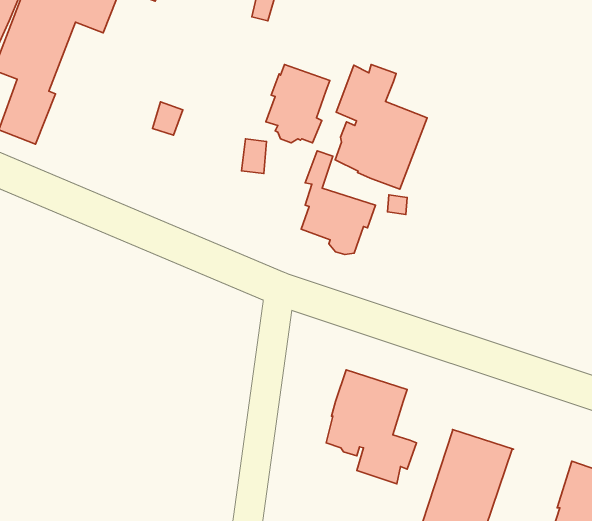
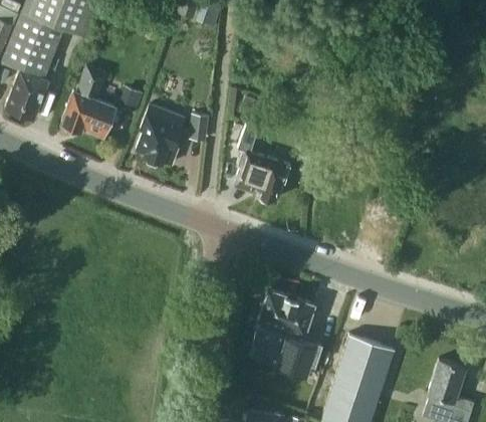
building: [266,65,330,143] -> [136,107,184,166]
building: [335,65,427,189] -> none
building: none -> [61,66,114,138]

